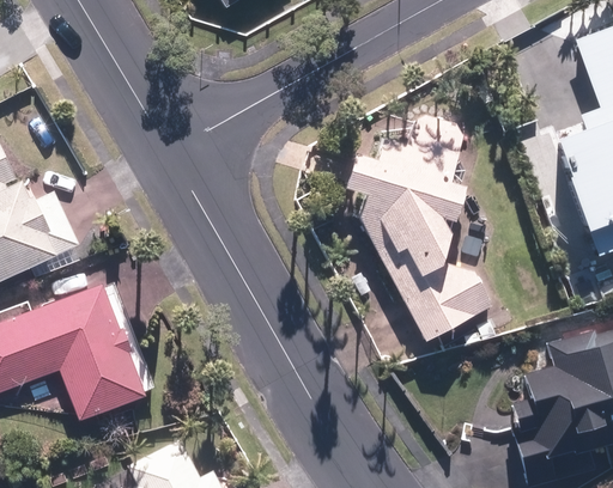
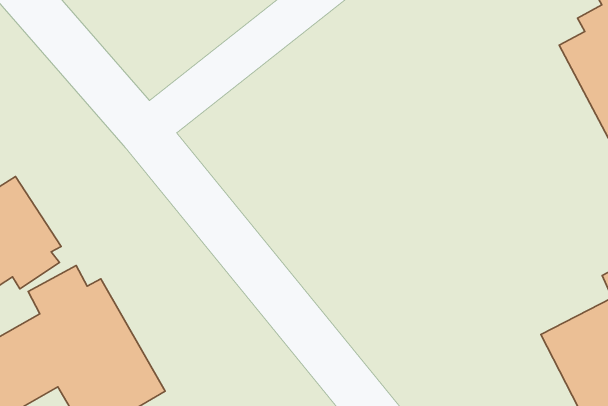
building: [342,148,496,342] -> none

